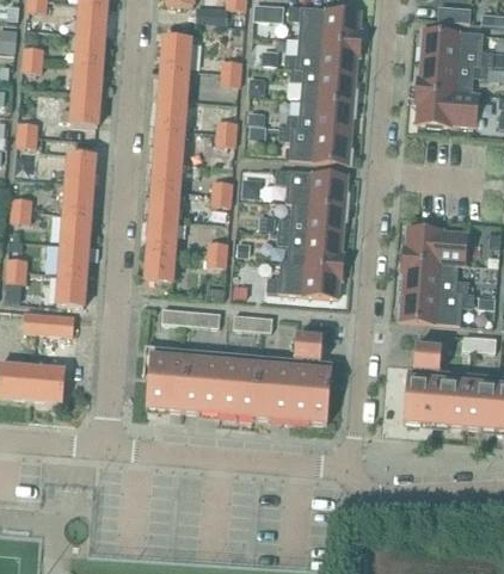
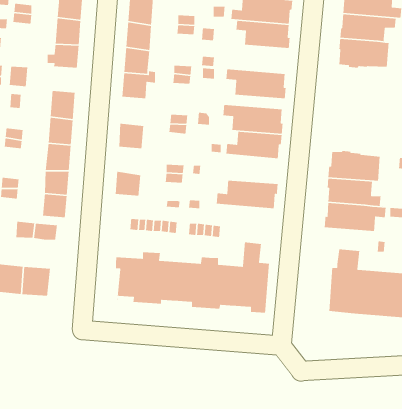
building: [279,98,356,132] -> none
building: [149,161,182,196] -> none
building: [146,222,177,255] -> none
building: [277,230,344,266] -> none

